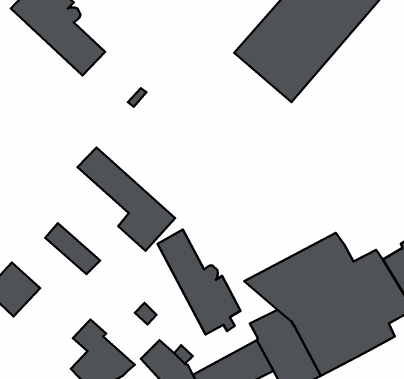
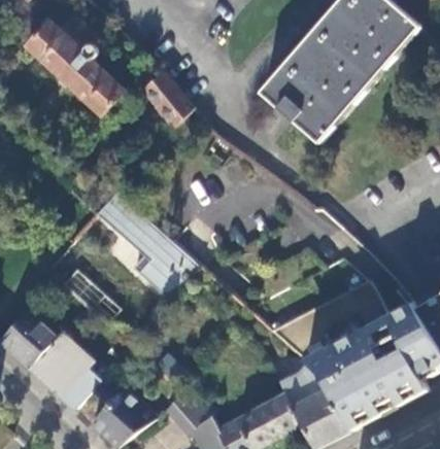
building: none -> [136,72,192,129]
building: [157,230,241,335] -> none
building: none -> [29,335,107,409]

